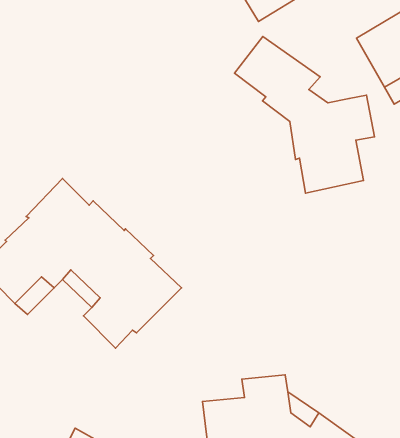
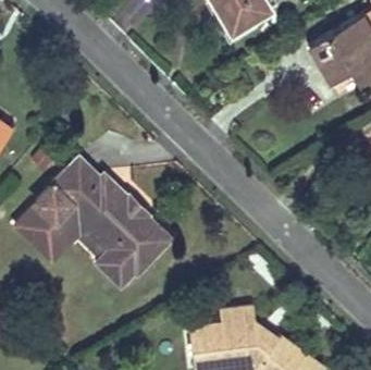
building: [235,37,374,193] -> none

